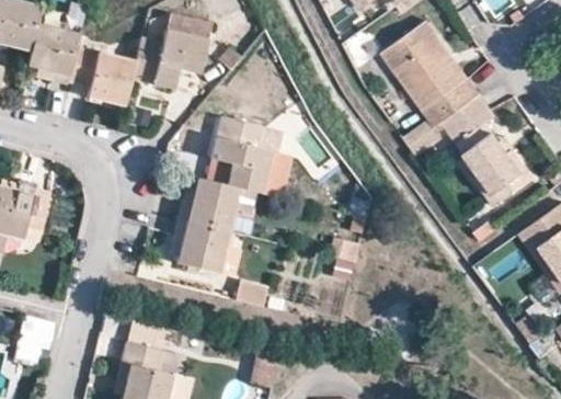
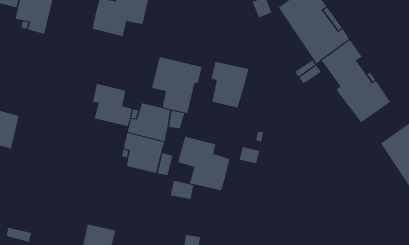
building: [69,46,135,104] -> none
building: none -> [211,61,249,108]
building: none -> [92,83,132,127]
building: none -> [178,136,230,191]

